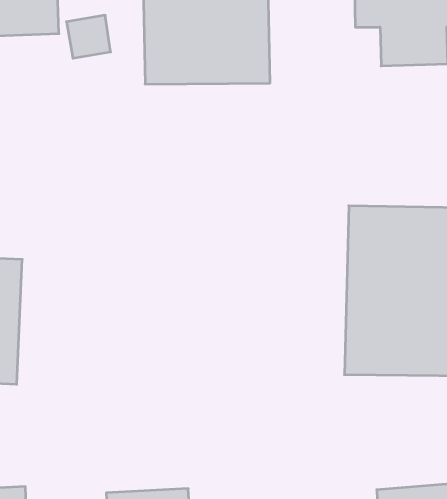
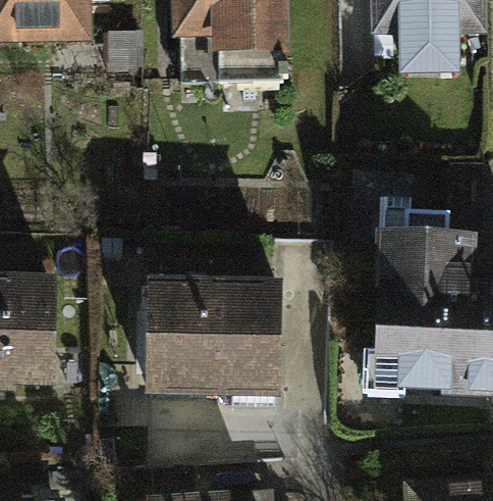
building: none -> [141,267,274,392]

